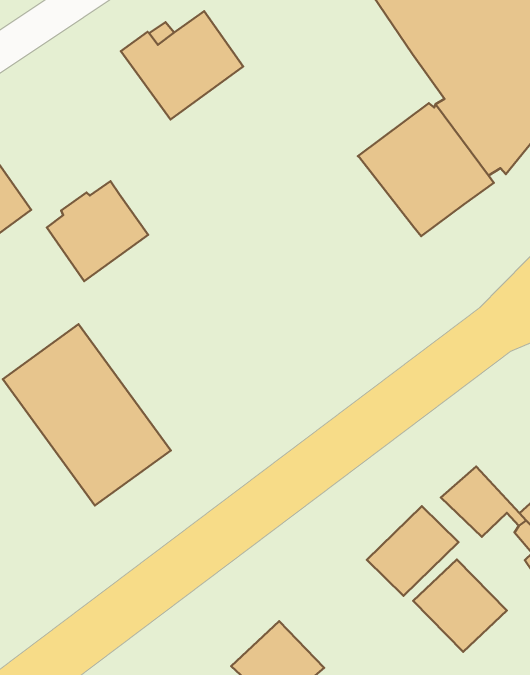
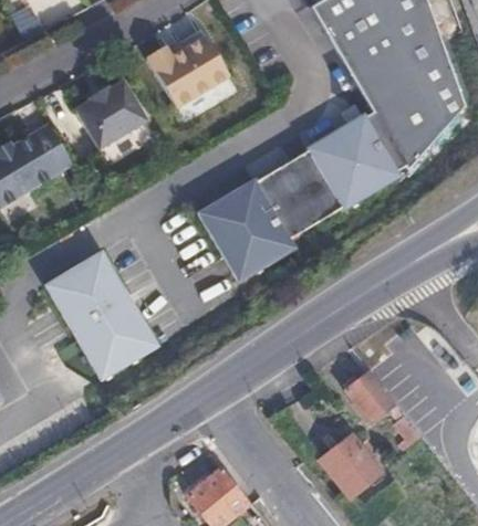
building: none -> [197,148,345,280]
building: [47,181,148,281] -> [75,84,146,152]
building: [367,506,458,596] -> none

